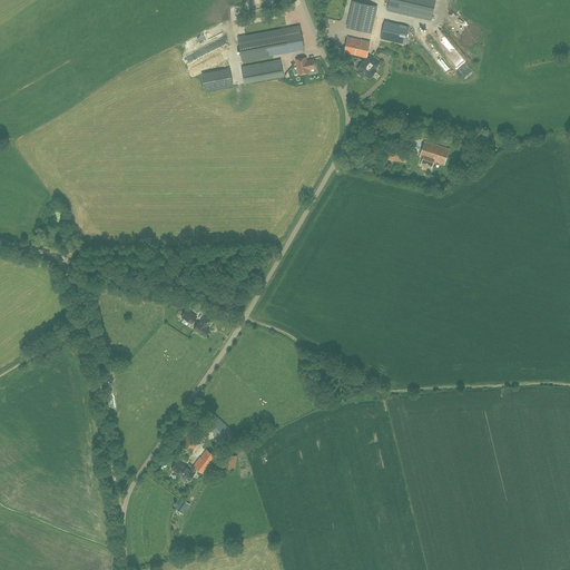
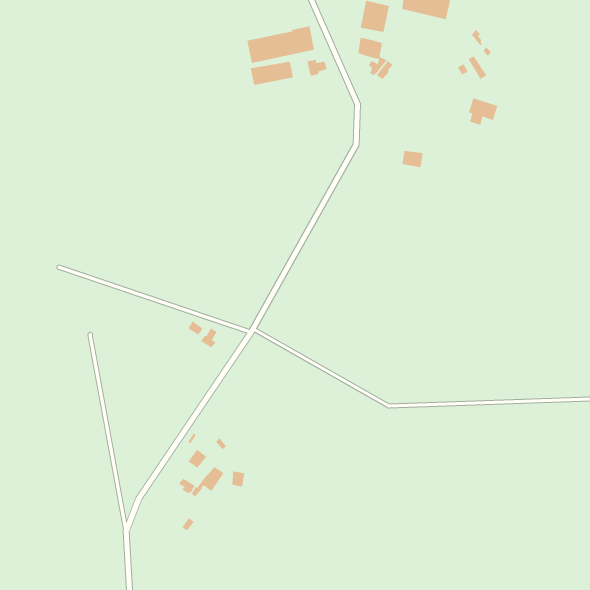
building: [380,20,407,43] -> none
building: [200,68,232,90] -> none
building: [419,140,448,167] -> [468,98,498,125]

